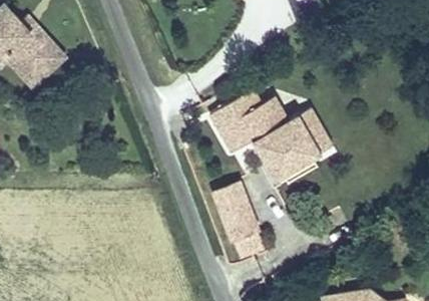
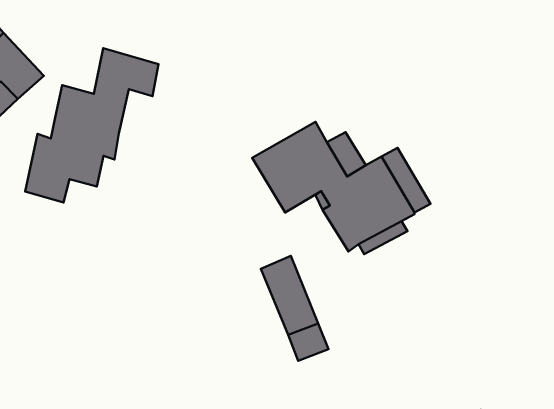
building: none -> [25,48,158,203]

